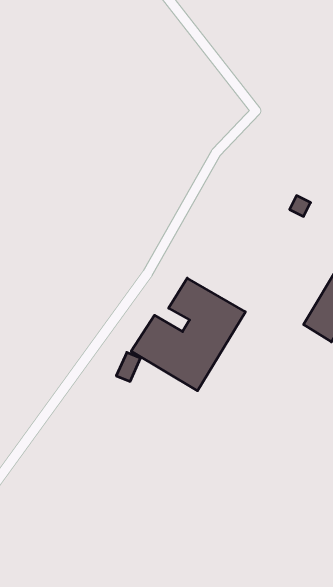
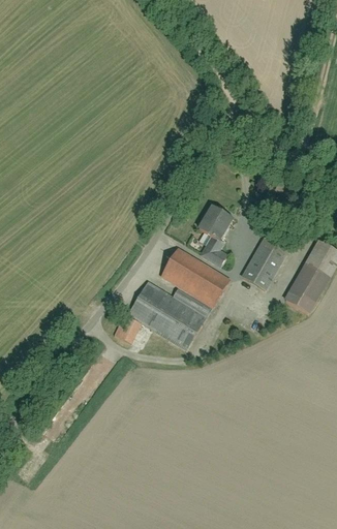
building: none -> [201,209,233,268]
building: none -> [239,231,286,285]

